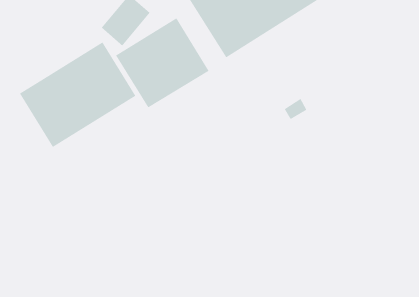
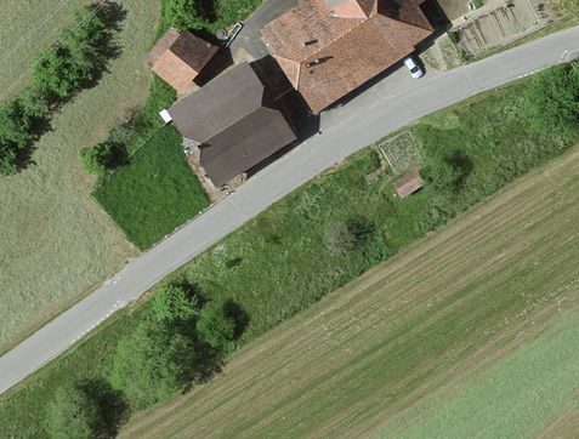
building: [19,42,136,148] -> none

